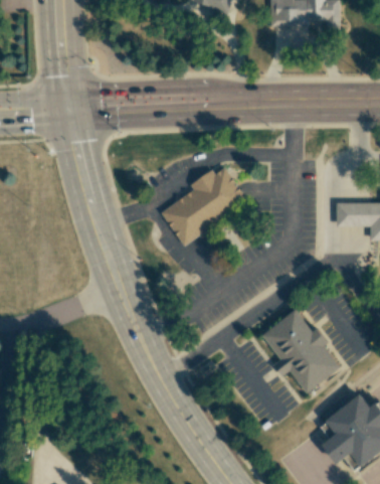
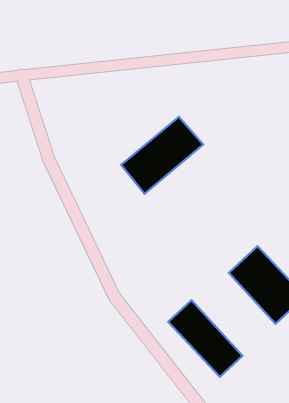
building: none -> [168,300,242,377]

